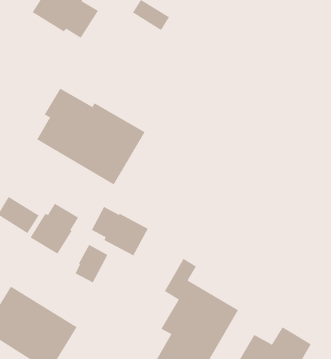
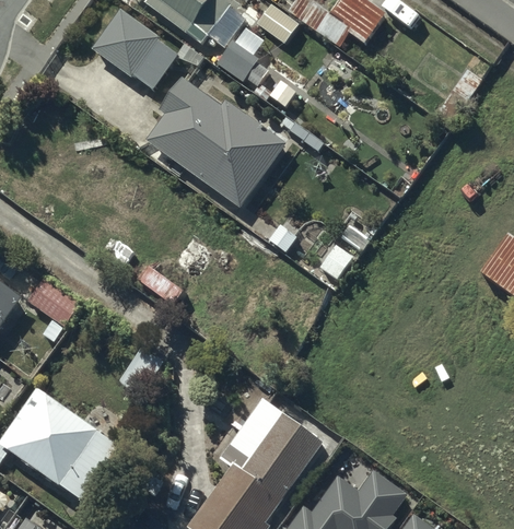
building: [36,88,145,185] -> [145,77,283,204]
building: [30,203,79,255] -> none
building: [91,206,148,256] -> none

